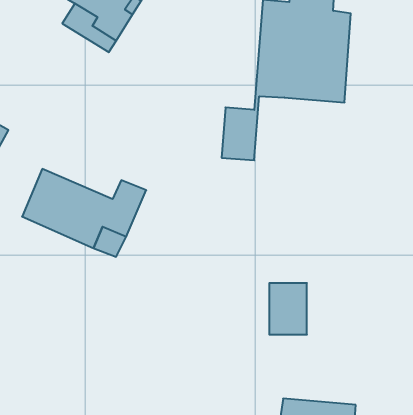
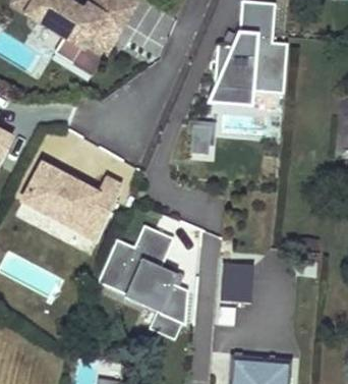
building: none -> [98,225,195,338]

